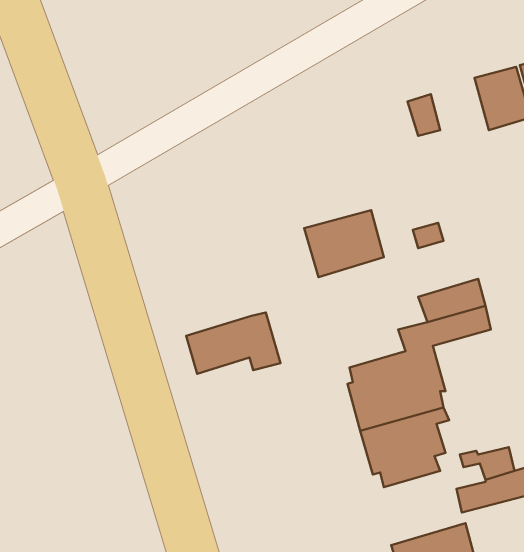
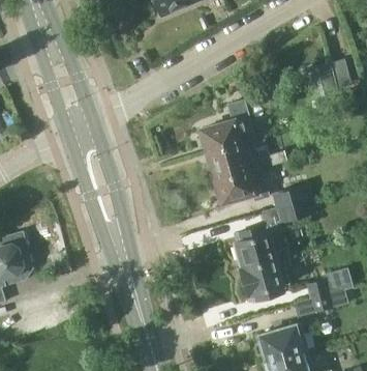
building: none -> [200,102,253,154]
building: [186,312,280,374] -> [216,169,270,204]

